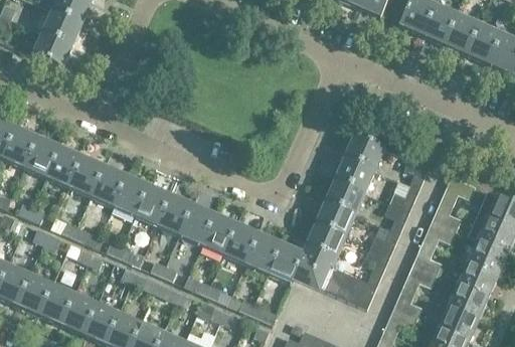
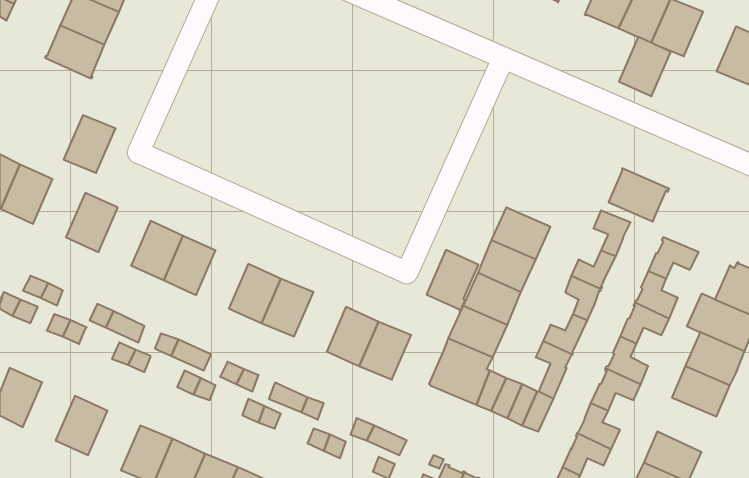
building: [466,22,501,62] -> [619,37,671,96]
building: [345,132,386,168] -> [609,168,669,222]
building: [24,136,59,175] -> [64,115,116,173]
building: [68,155,104,194] -> none
building: [135,184,170,223] -> none
building: [201,212,236,252] -> none
building: [268,241,303,283] -> [427,250,478,311]
building: [17,274,52,313] -> none
building: [448,284,488,321] -> none
building: [61,293,97,333] -> none

